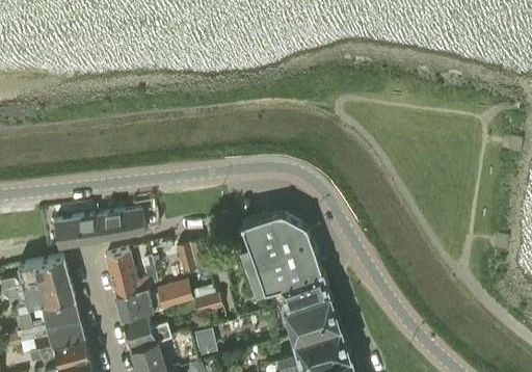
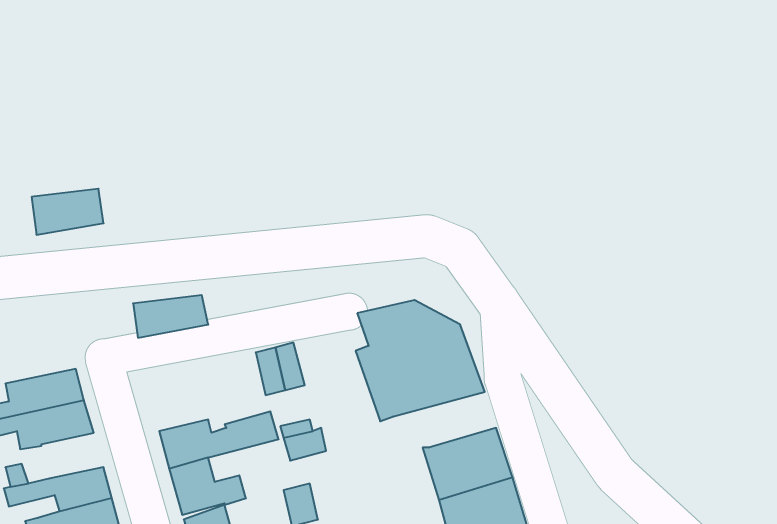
building: [55,214,101,243] -> [32,189,104,235]
building: [104,250,150,295] -> none
building: [278,270,328,305] -> none
building: [39,296,79,325] -> none

